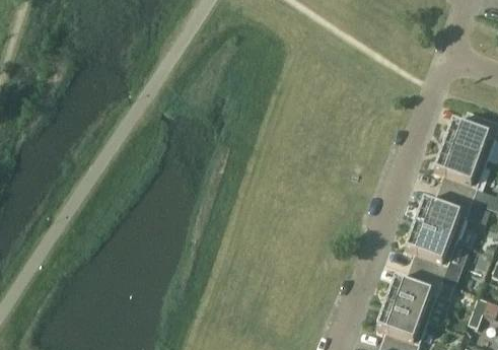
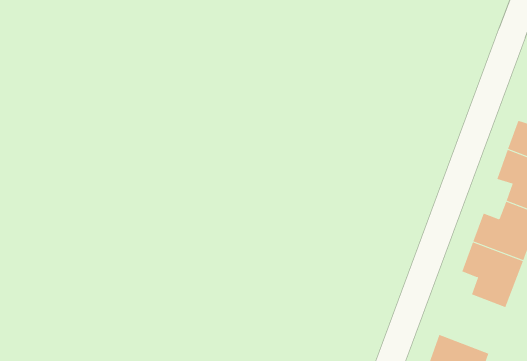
building: [385,273,454,323] -> none

